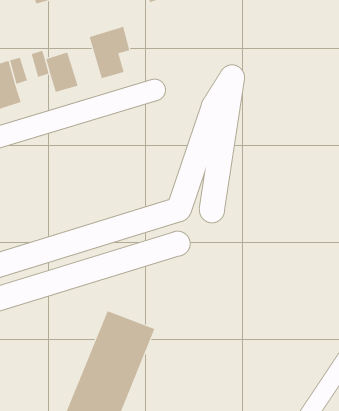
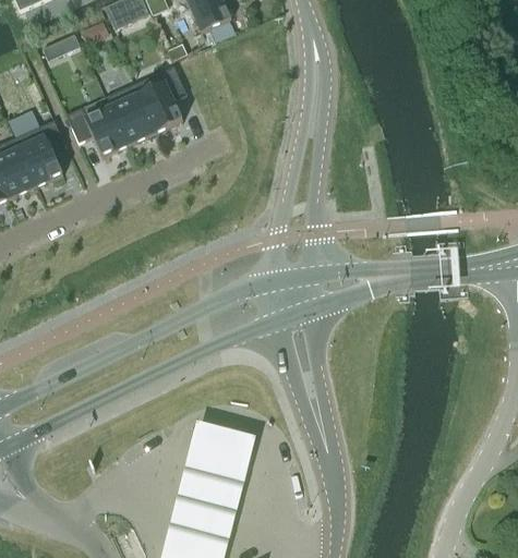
building: none -> [103,86,152,147]

